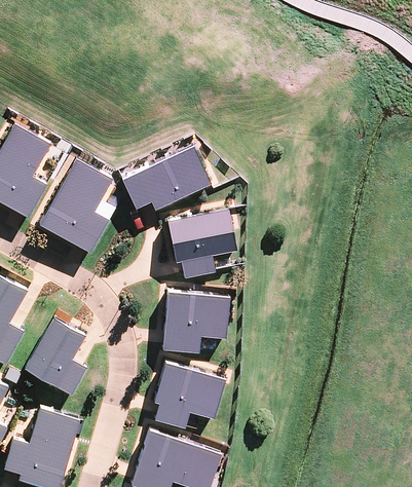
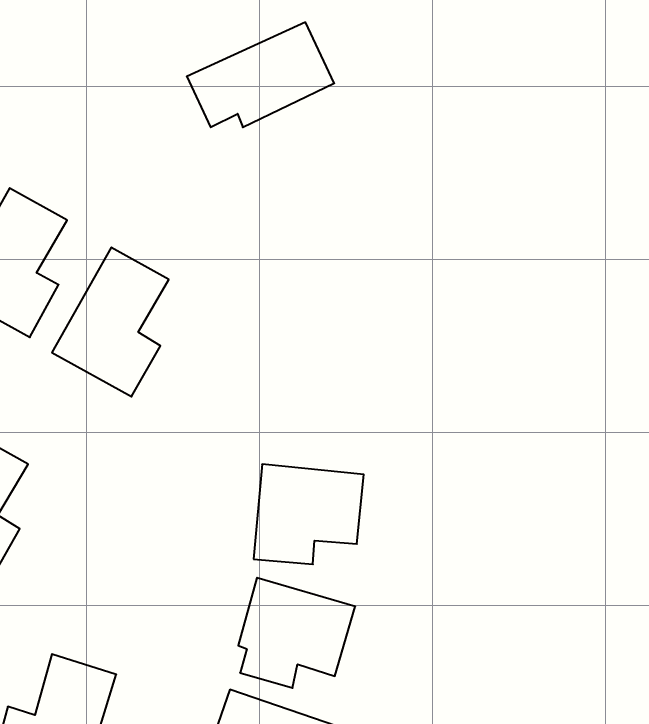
building: [120,147,210,211] -> [187,22,334,127]
building: [166,211,235,278] -> none
building: [25,319,88,397] -> none

